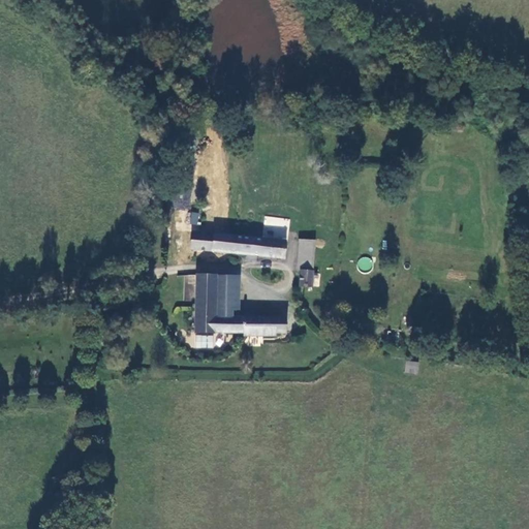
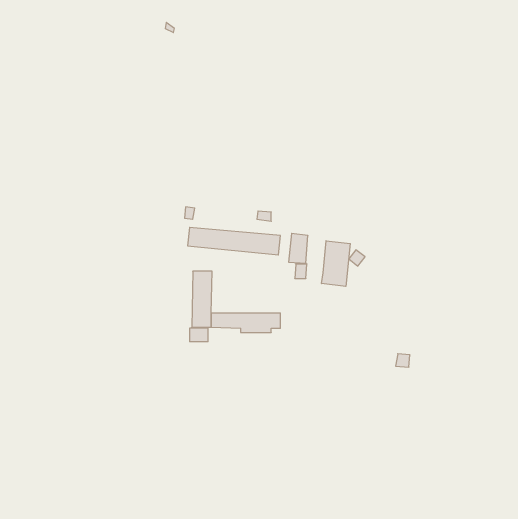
building: none -> [322,241,350,286]
building: [214,275,242,317] -> none

